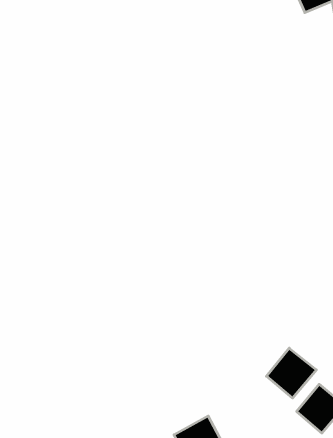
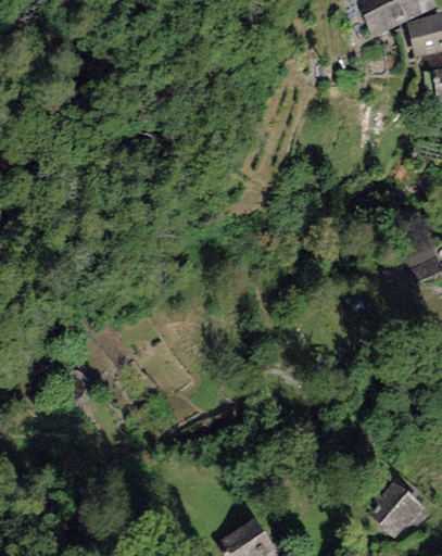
building: [266,348,316,398] -> none

